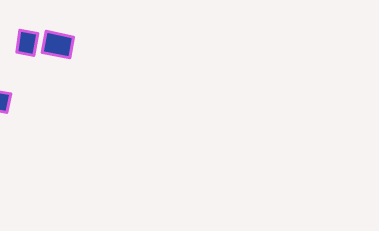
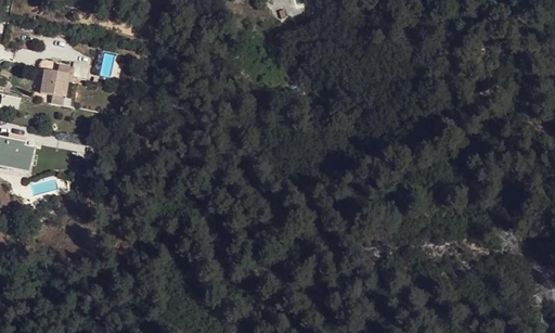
building: [42,31,73,58] -> none

